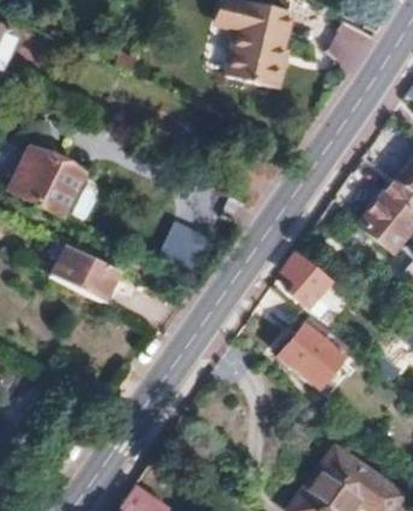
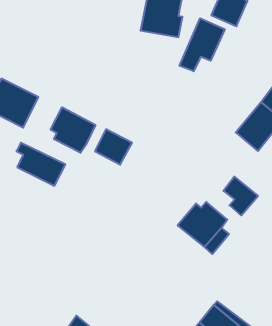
building: none -> [180,18,225,71]
building: none -> [51,107,95,153]
building: [283,251,332,306] -> [223,177,258,215]

